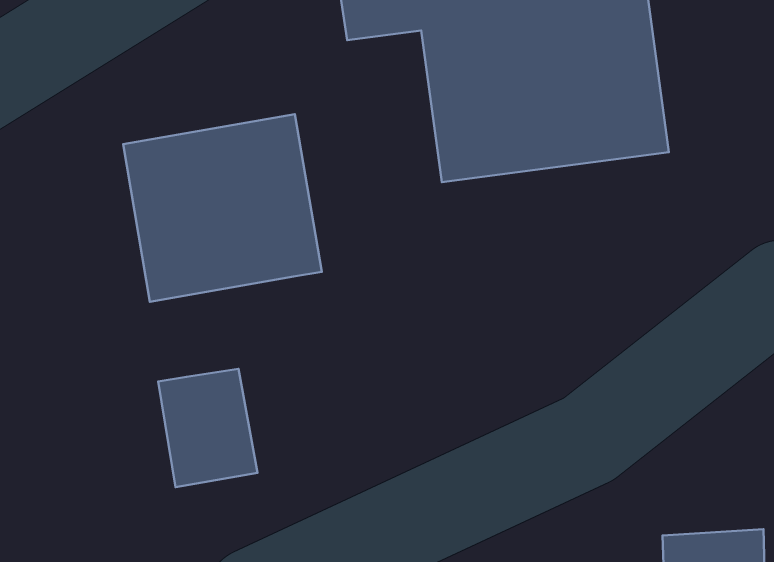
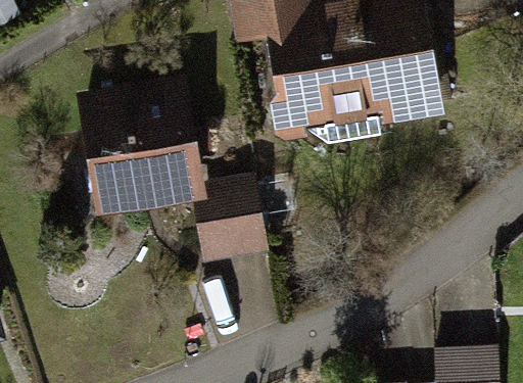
building: [158,369,257,487] -> [195,184,259,260]

